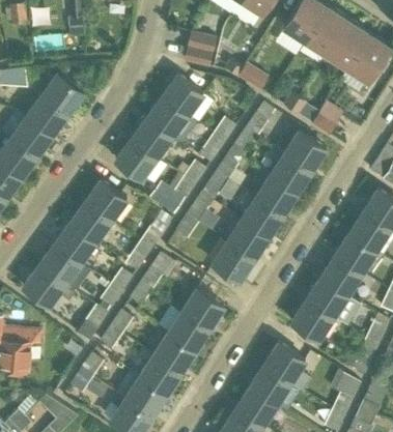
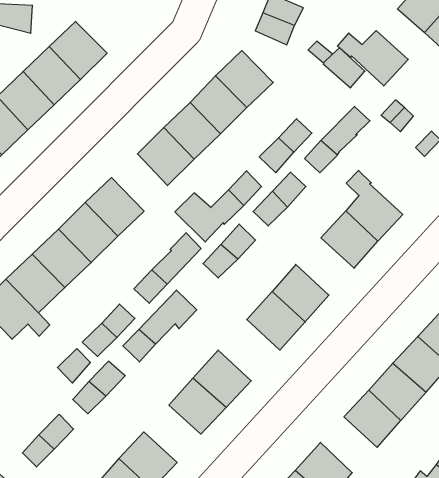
building: none -> [337,31,408,86]
building: [283,132,325,172] -> none
building: [241,198,282,237] -> none
building: [153,334,194,373] -> none

